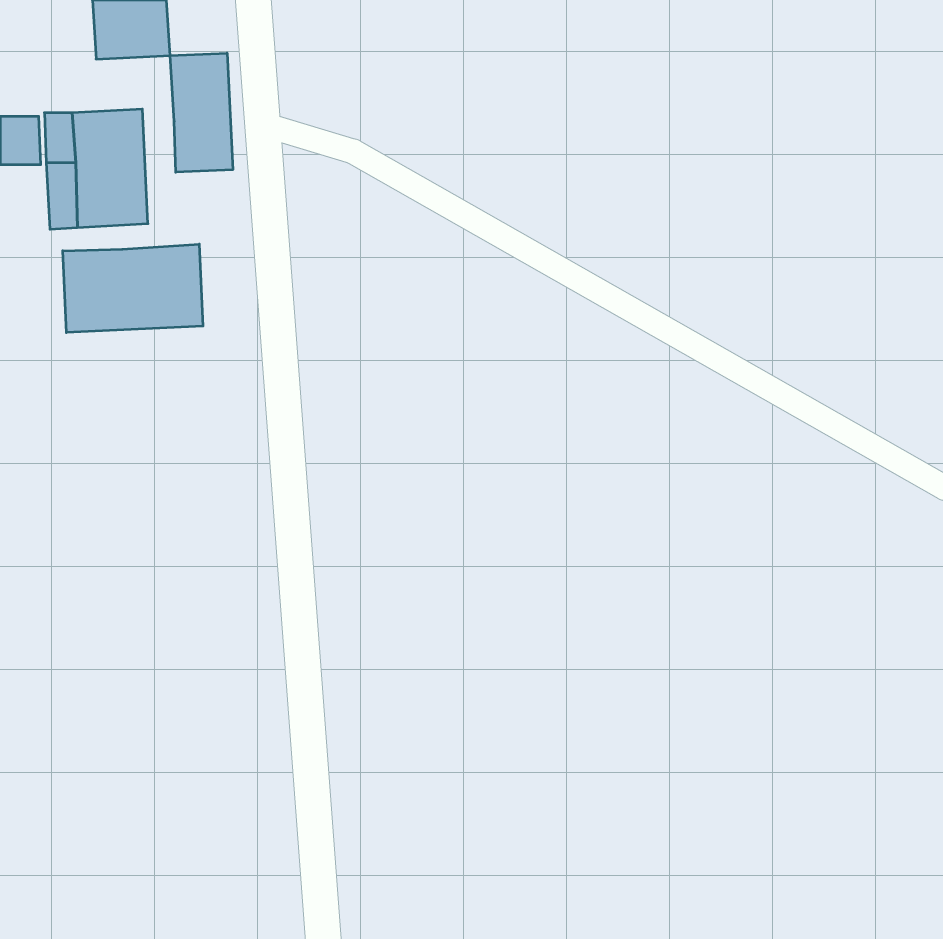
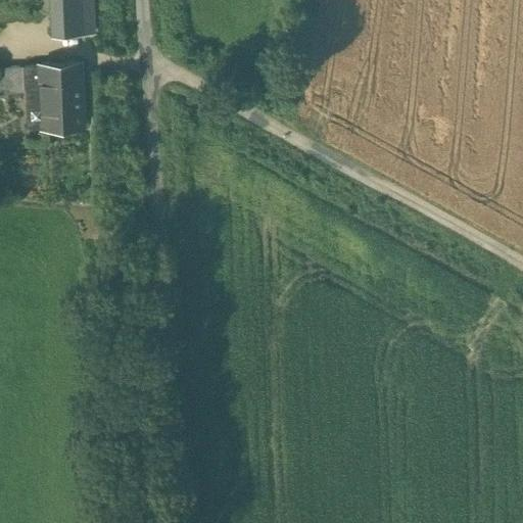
building: [170,53,233,172] -> none
building: [63,244,203,333] -> none

